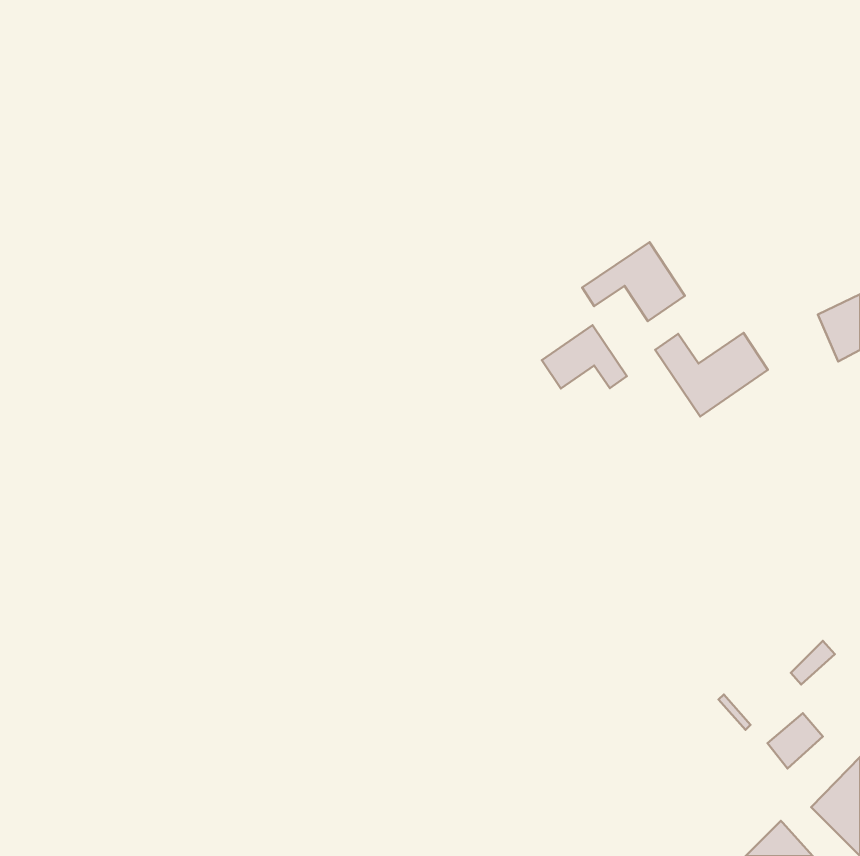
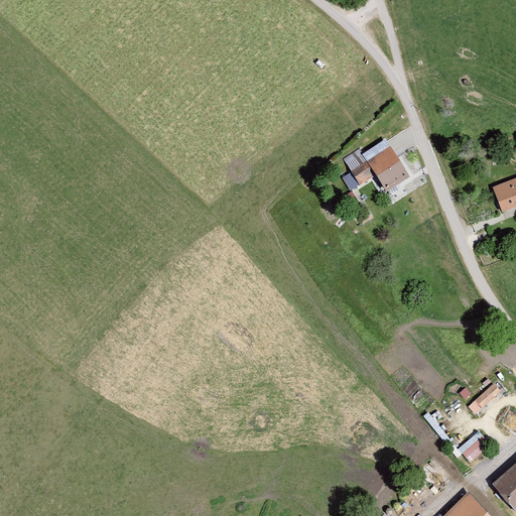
building: [542,325,627,388] -> none
building: [655,333,768,416] -> none

